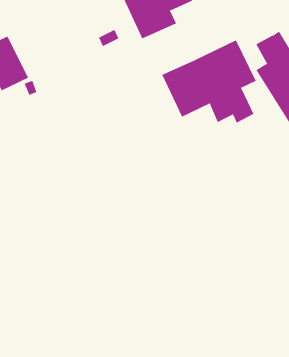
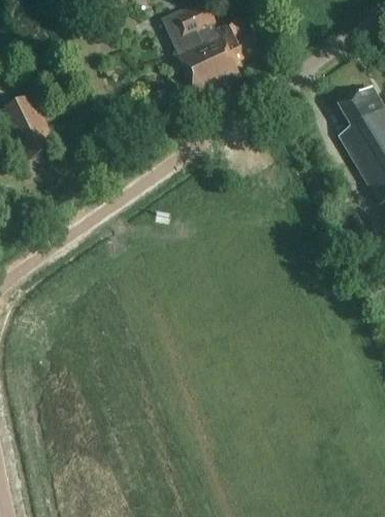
building: [162,39,256,123] -> none

